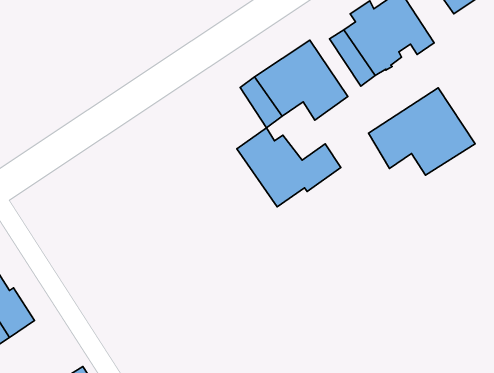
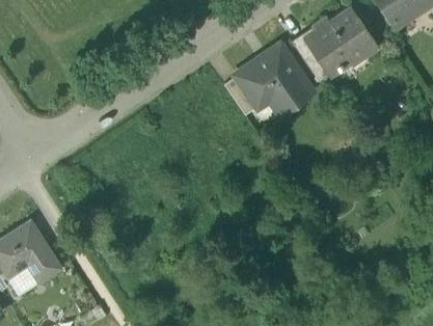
building: [368,88,475,175] -> none
building: [237,128,341,207] -> none

